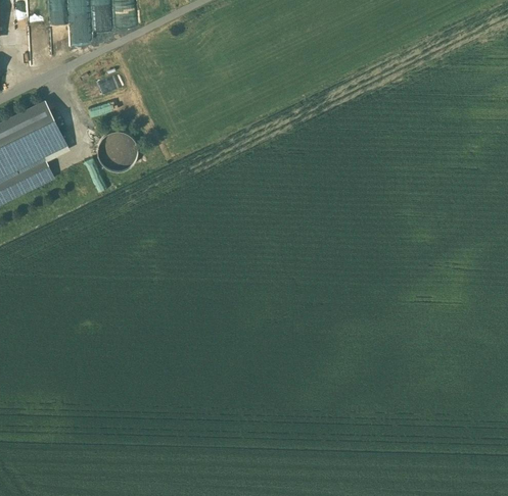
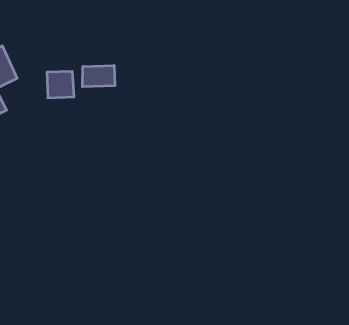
building: none -> [82,65,115,87]

